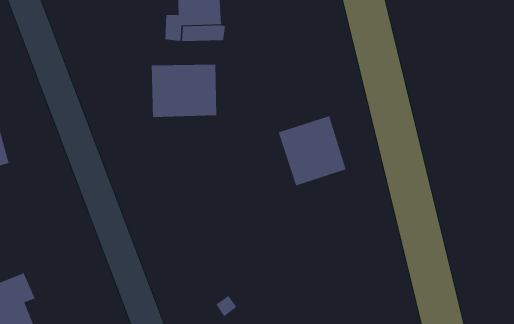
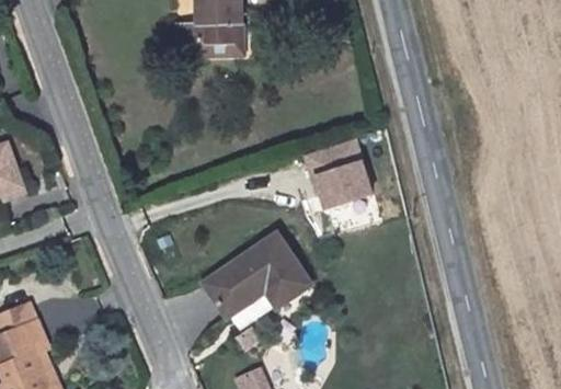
building: [151,64,217,118] -> none
building: none -> [205,234,312,317]

